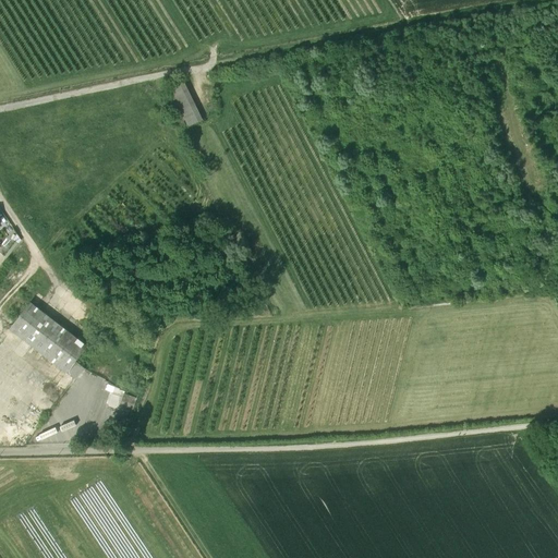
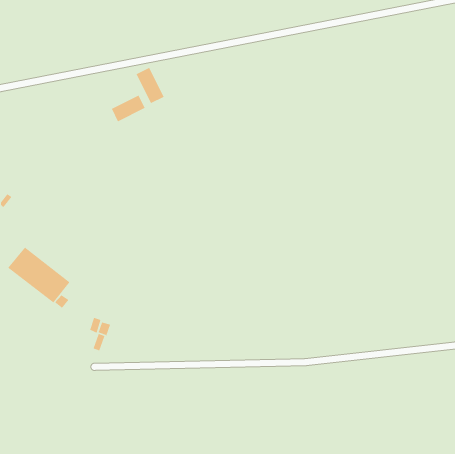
building: none -> [111,95,146,122]

